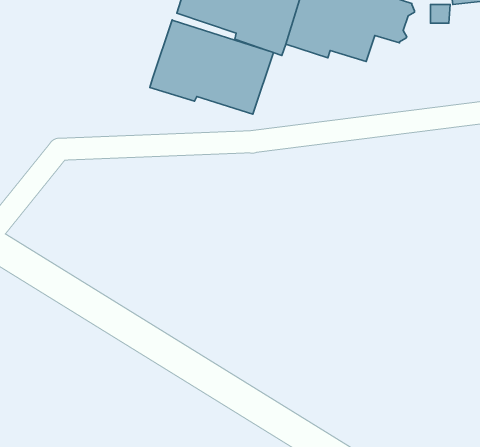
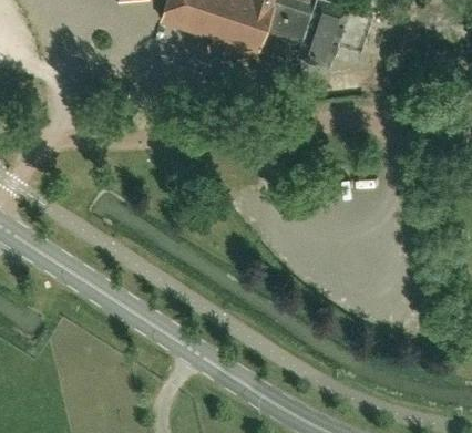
building: [150,20,274,114] -> none

